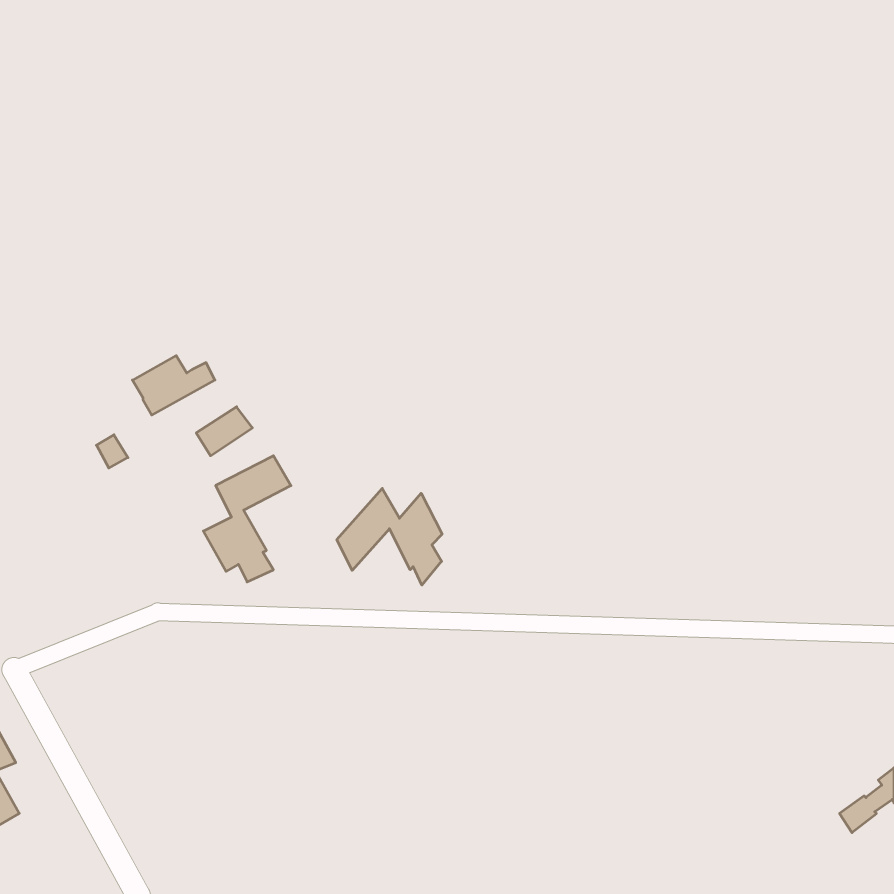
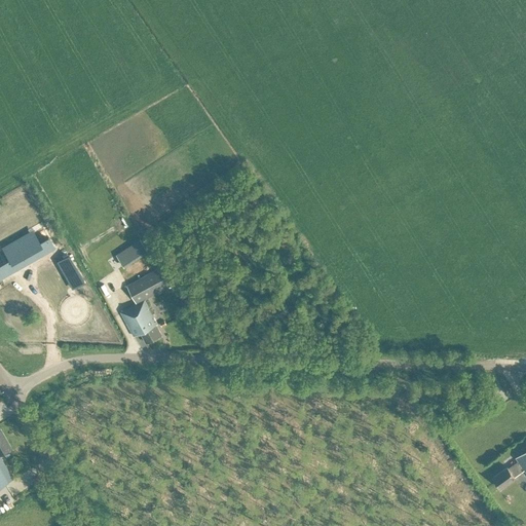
building: [132,356,215,415] -> [4,234,52,269]
building: [337,488,442,585] -> none

